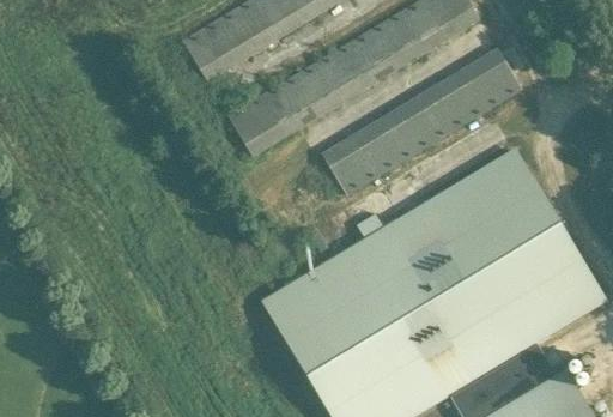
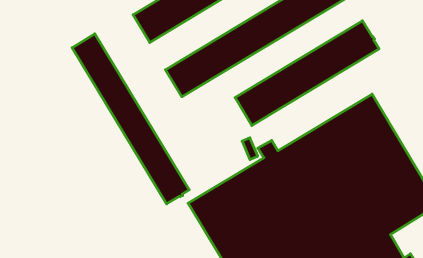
building: none -> [72,34,189,204]

